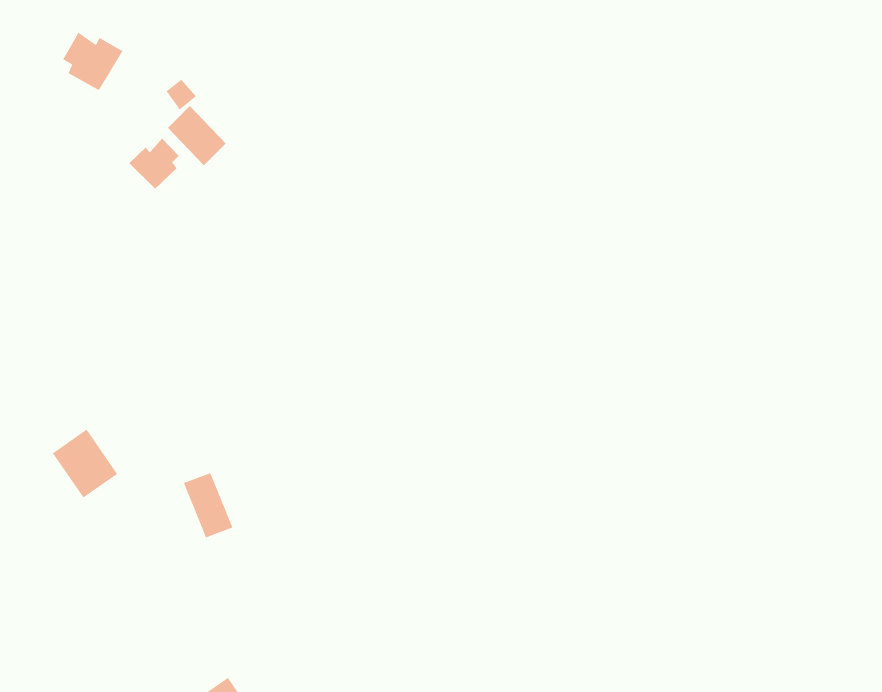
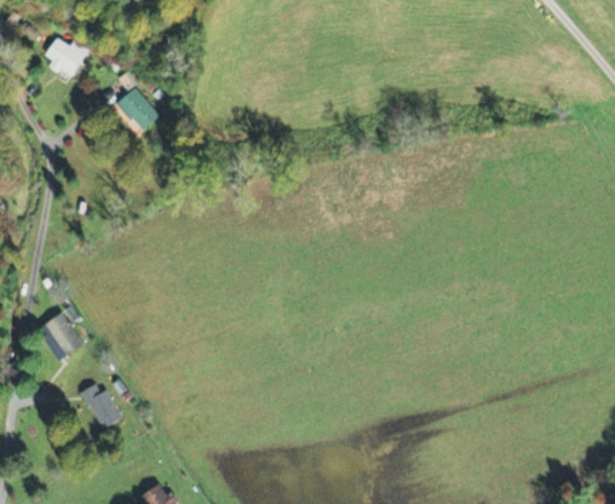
building: [128,137,179,189] -> none
building: [183,472,233,538] -> [84,384,119,430]

